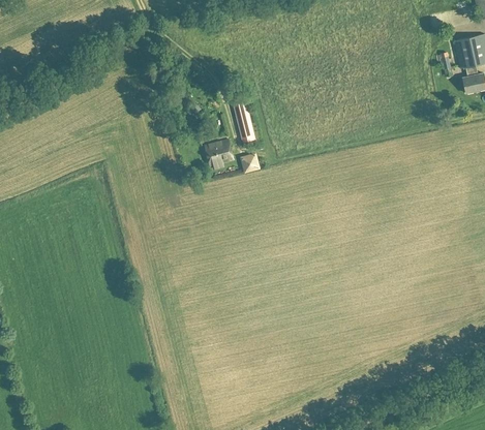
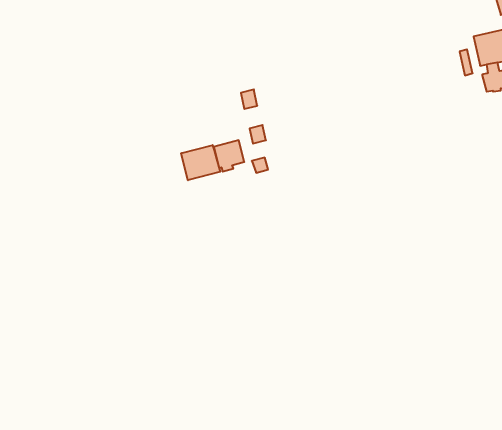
building: none -> [181,145,220,180]

